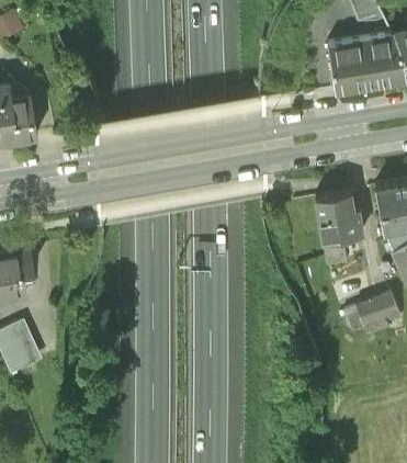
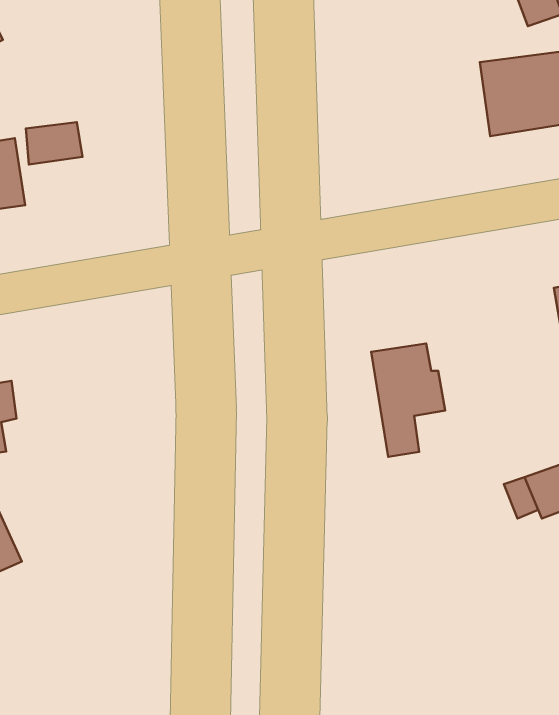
building: none -> [26,122,82,165]
building: [315,191,362,263] -> [371,343,445,457]

